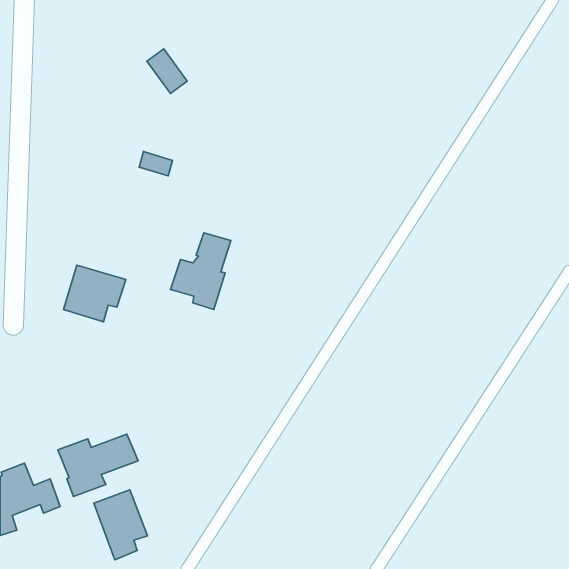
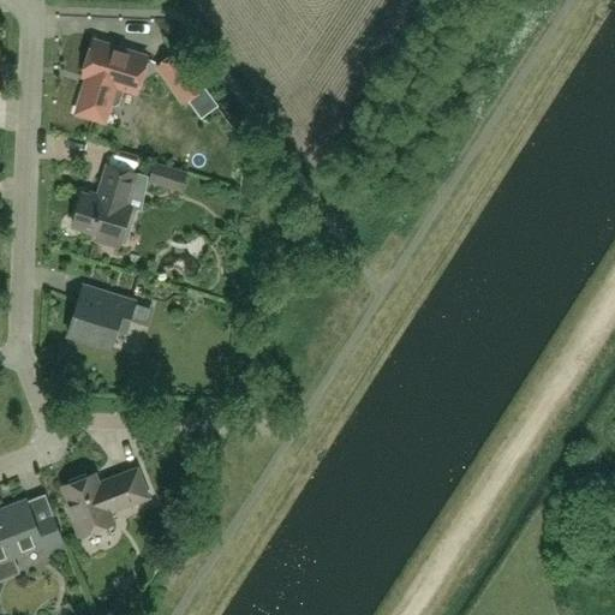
building: none -> [77,41,147,121]
building: [171,233,231,310] -> [72,165,137,247]
building: [94,490,147,560] -> none

